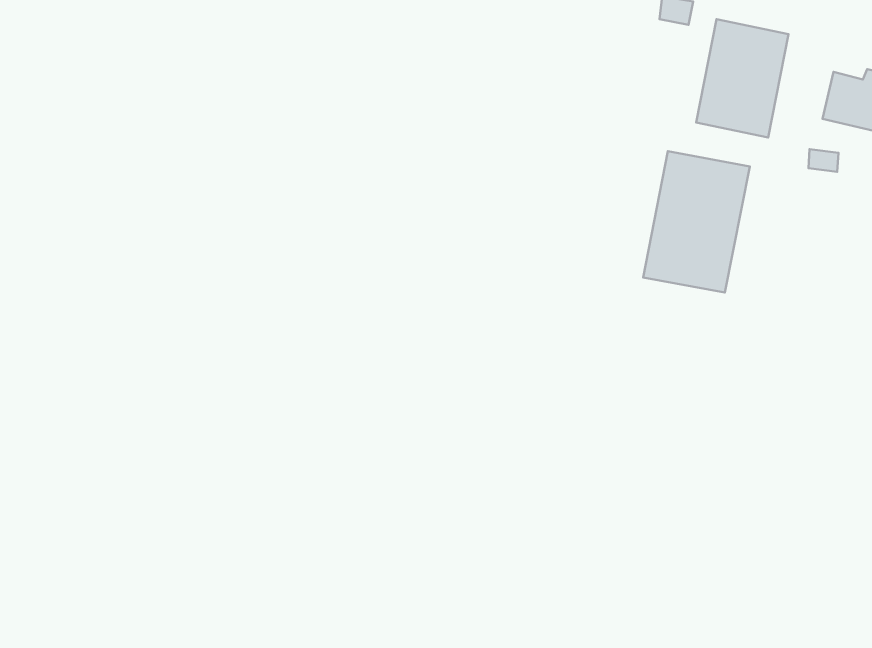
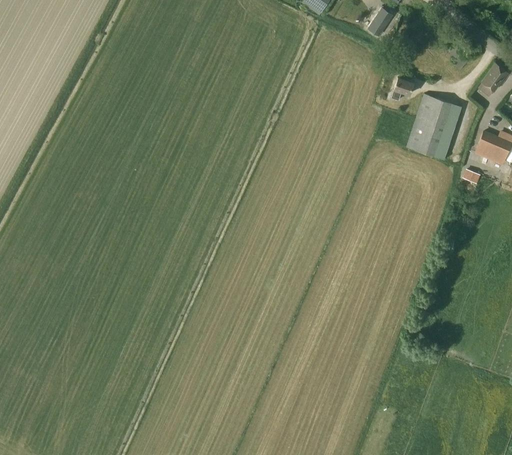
building: [643,151,750,293] -> none

